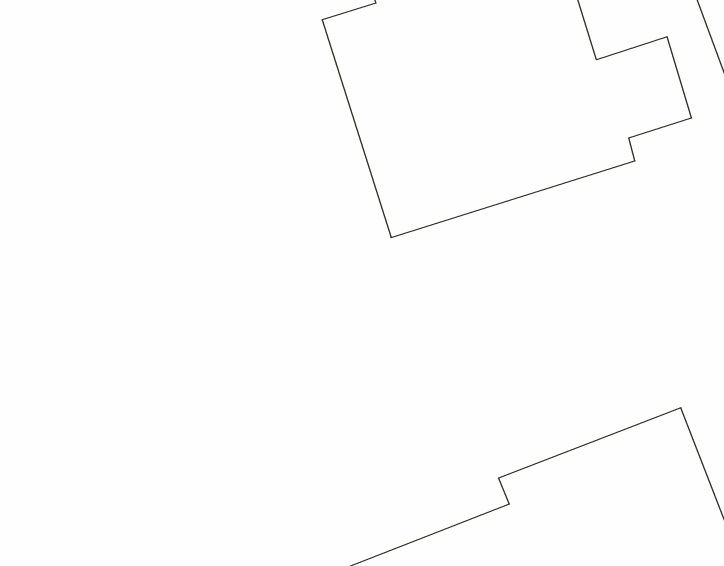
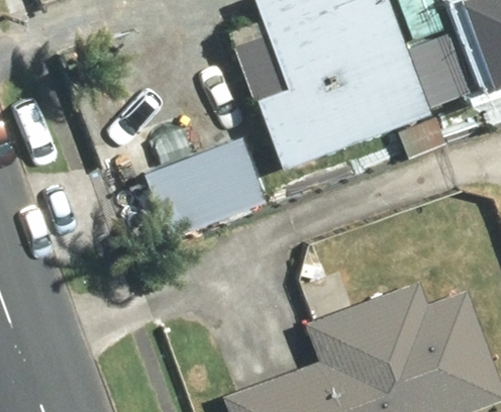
building: none -> [140,138,265,239]

